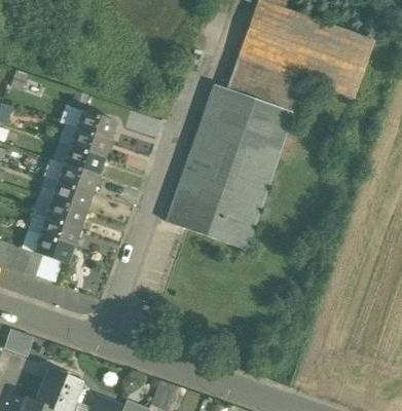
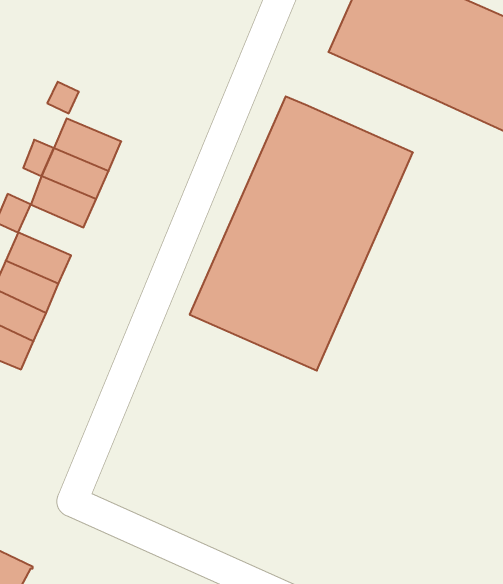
building: [226,58,304,114] -> none
building: [60,163,99,192] -> none

